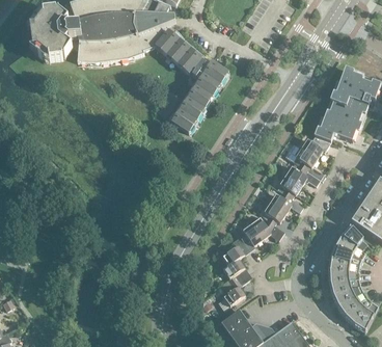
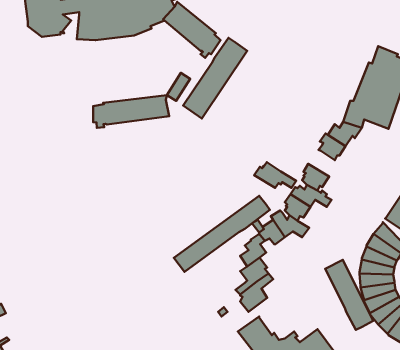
building: none -> [93,95,169,128]
building: [283,162,321,185] -> [254,162,296,188]
building: none -> [174,196,270,272]
building: none -> [325,260,373,330]

